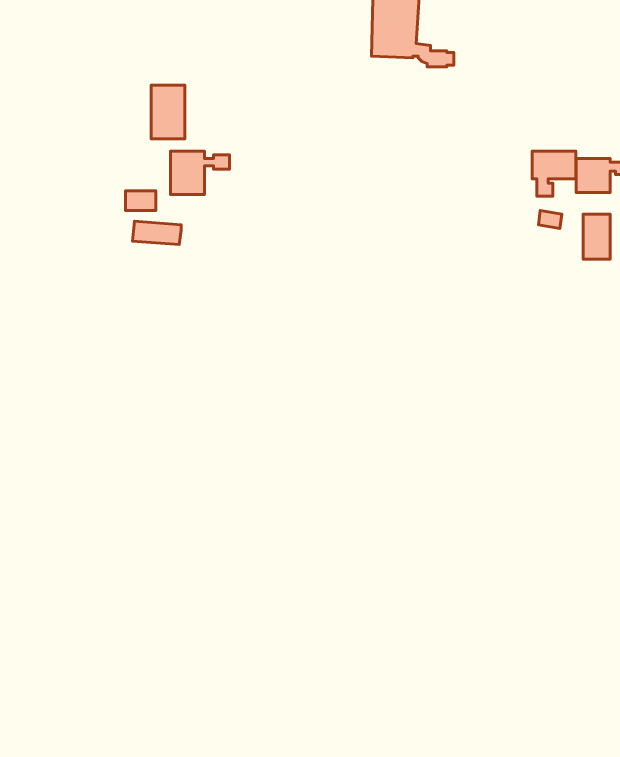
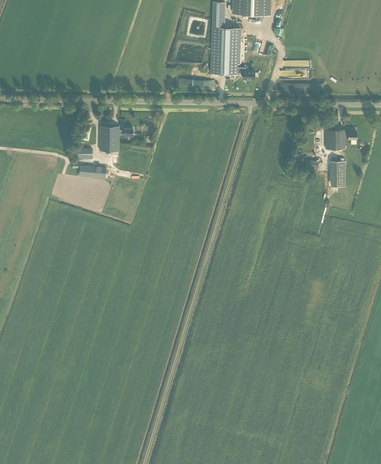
building: [151,85,185,139] -> none
building: [532,151,576,196] -> none

